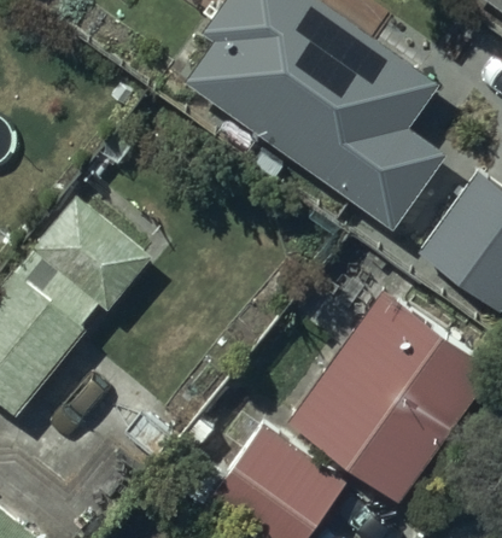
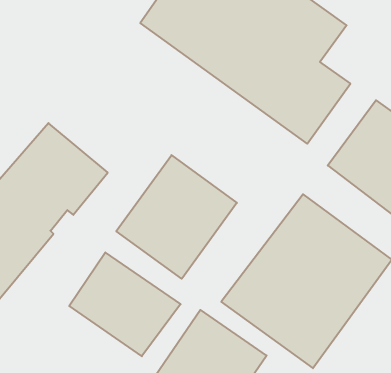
building: none -> [116,155,237,279]
building: none -> [69,252,181,356]

